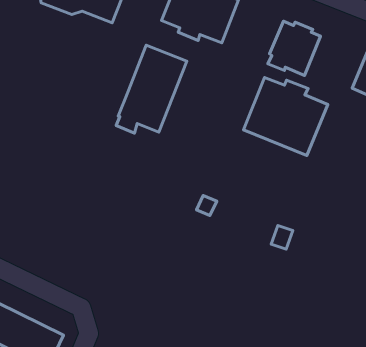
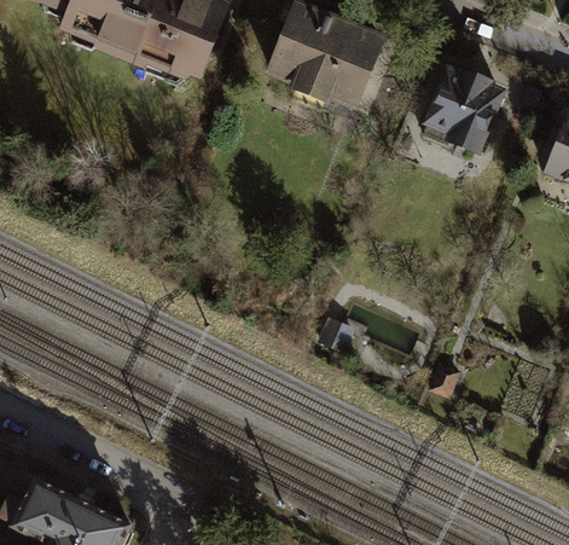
building: [116,45,187,133] -> none
building: [244,77,328,155] -> none

